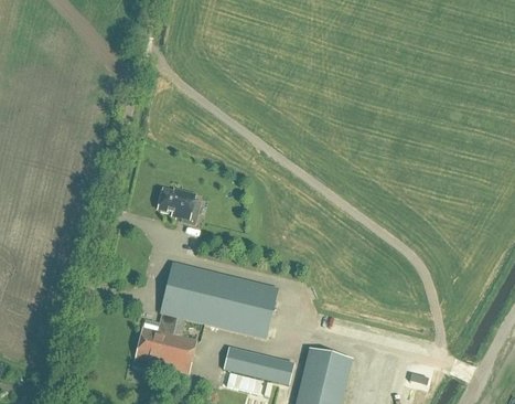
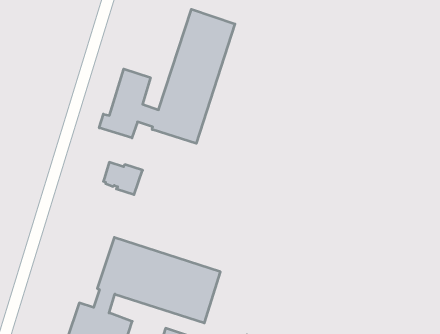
building: none -> [99,9,235,143]

